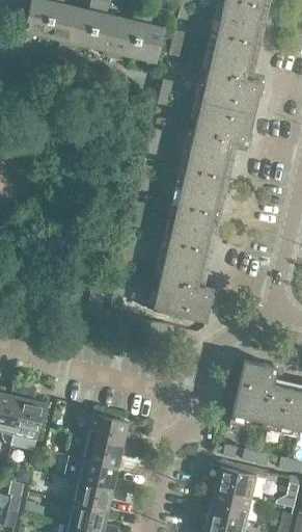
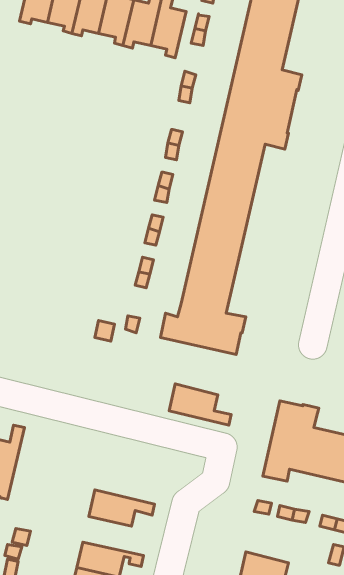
building: [12,383,46,450] -> none
building: [87,414,140,449] -> [169,384,231,425]
building: [77,459,131,493] -> none
building: [216,467,257,499] -> none

